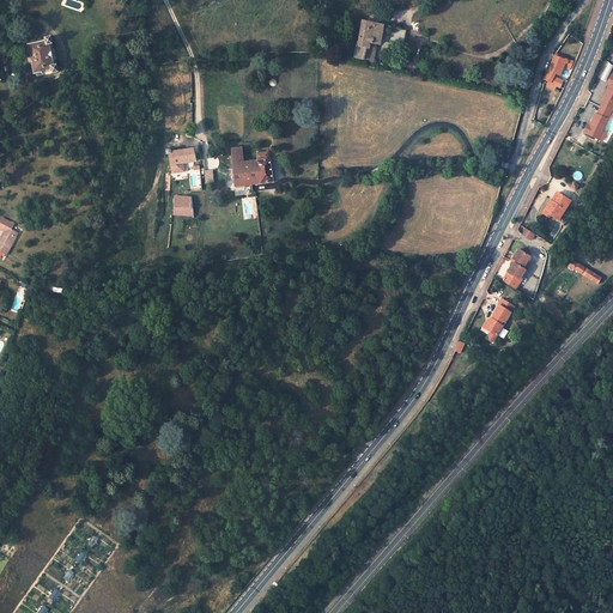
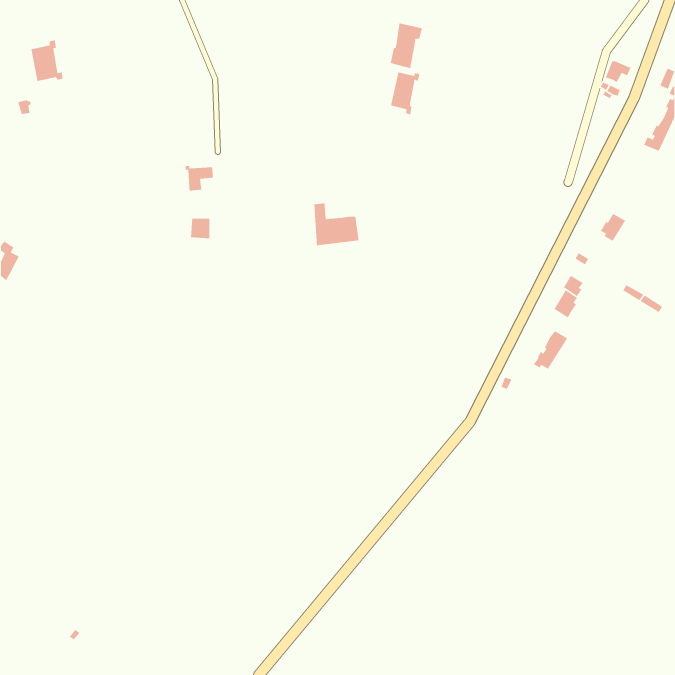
building: none -> [390,71,420,115]
building: [231,147,273,187] -> [313,203,360,246]

